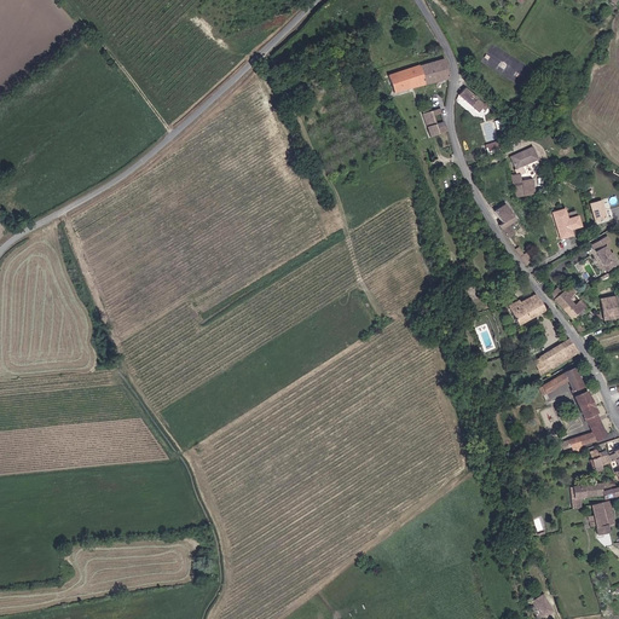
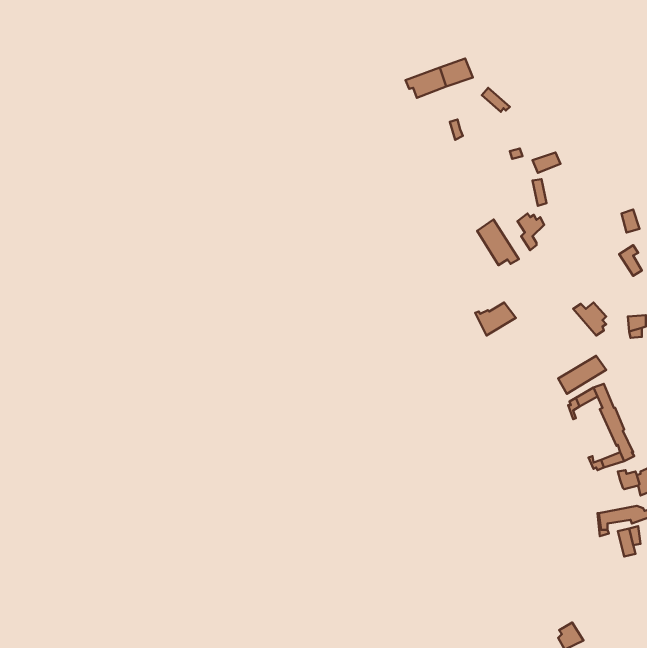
building: [555,209,585,242] -> none
building: none -> [477,219,519,265]
building: [508,295,546,326] -> [475,303,516,336]

